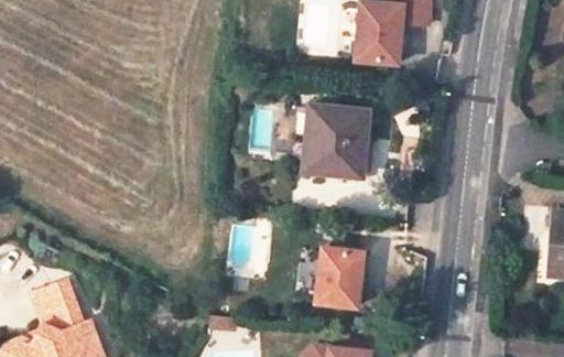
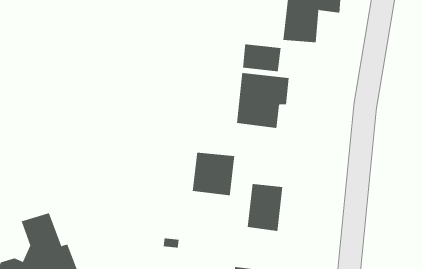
building: none -> [243,43,281,72]
building: none -> [192,152,235,196]

